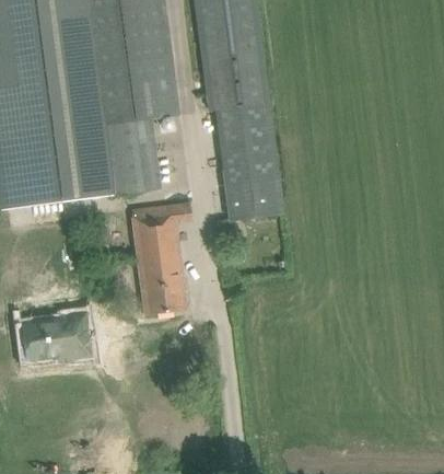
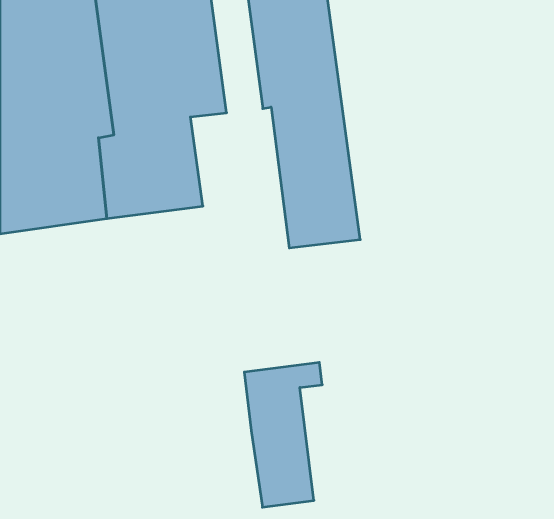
building: [131,203,192,316] -> [244,362,322,507]
building: [19,309,87,355] -> none

